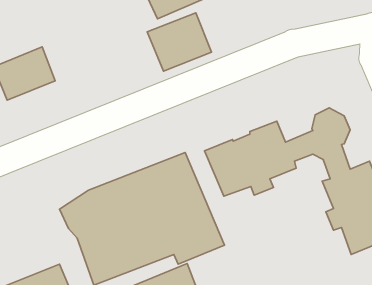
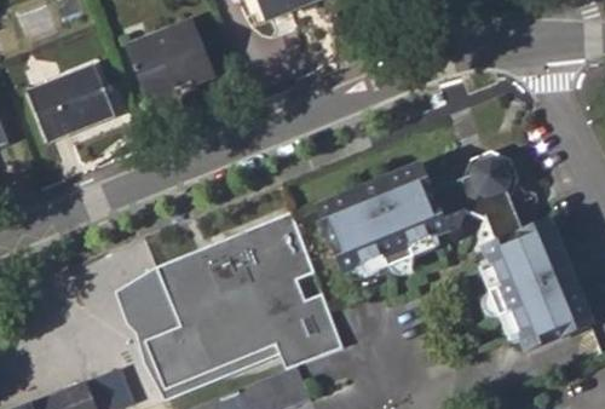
building: [147,13,212,71] -> [122,18,212,99]

